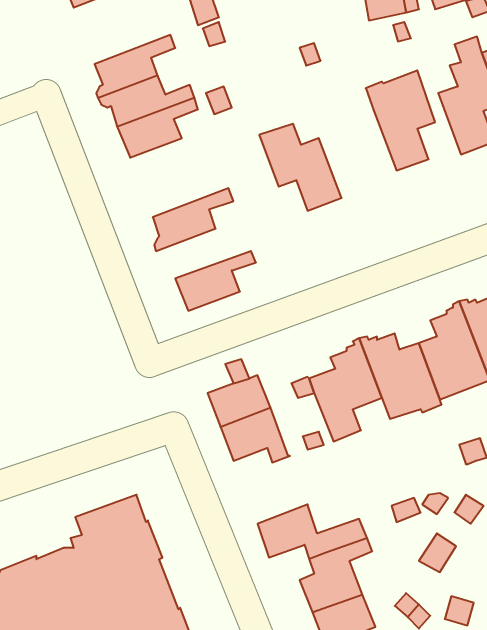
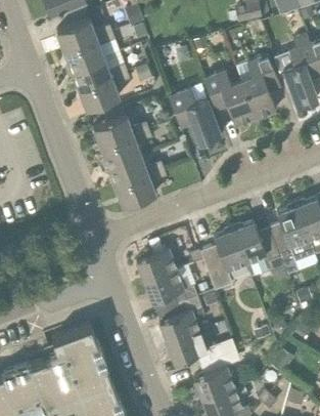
building: none -> [56,18,111,50]
building: none -> [203,71,255,126]
building: none -> [92,115,148,148]
building: none -> [102,155,163,186]
building: none -> [158,295,202,342]

